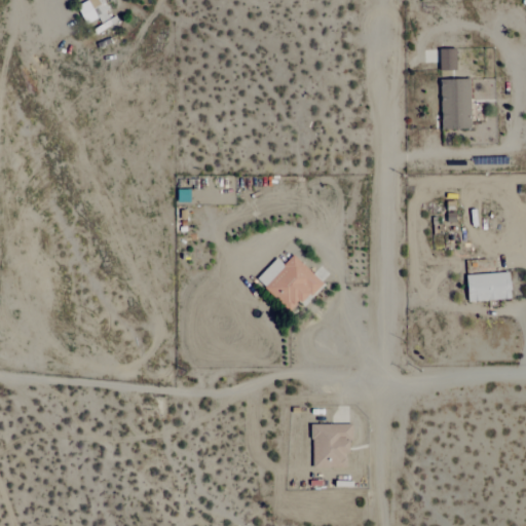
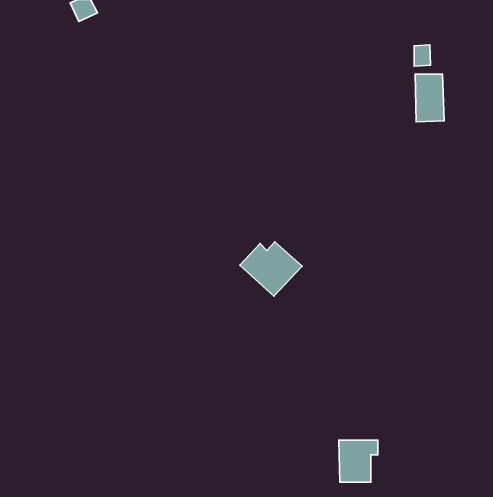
building: [468,272,513,300] -> none
building: [313,423,354,467] -> [339,440,378,482]

